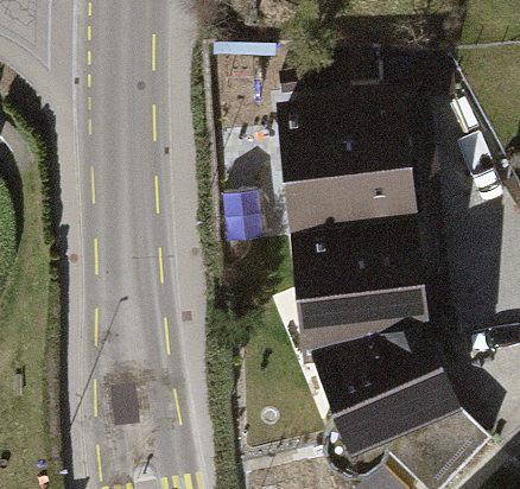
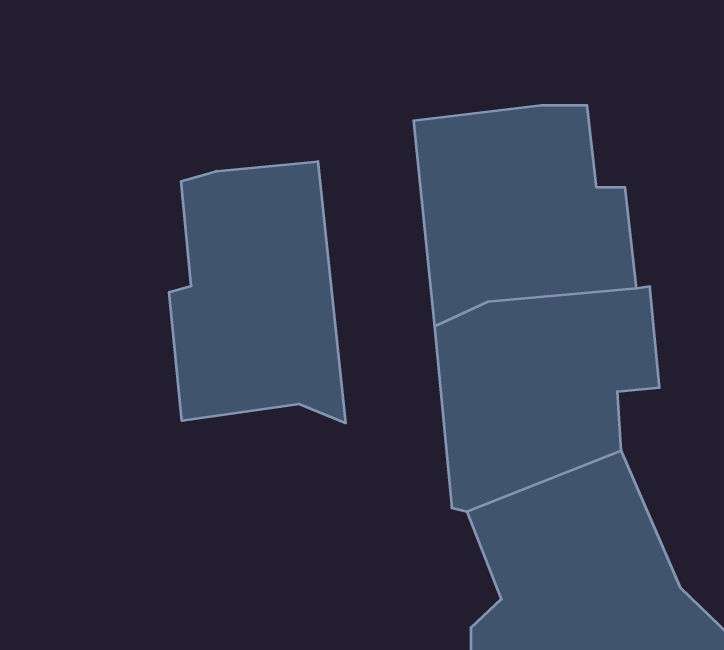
building: none -> [169,161,346,423]

